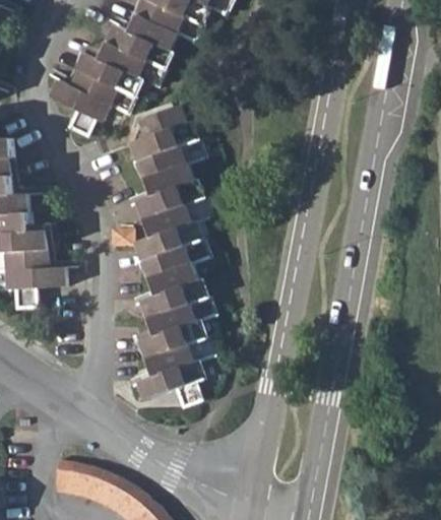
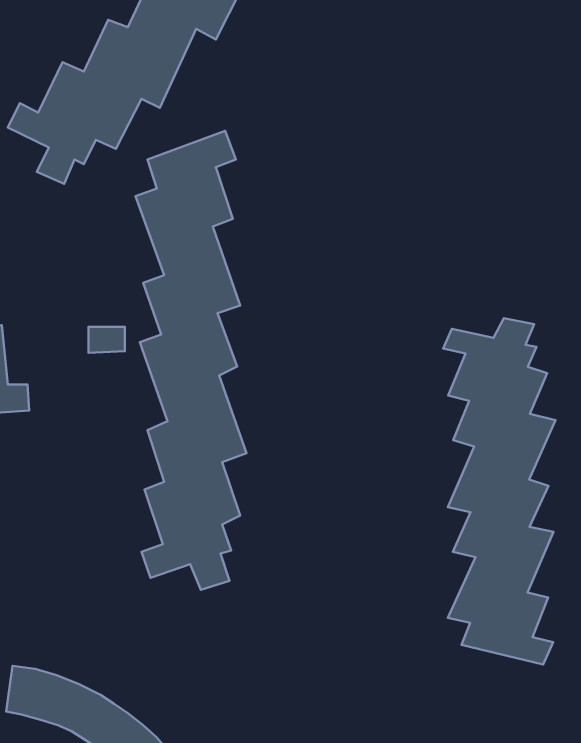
building: none -> [443,318,555,664]

